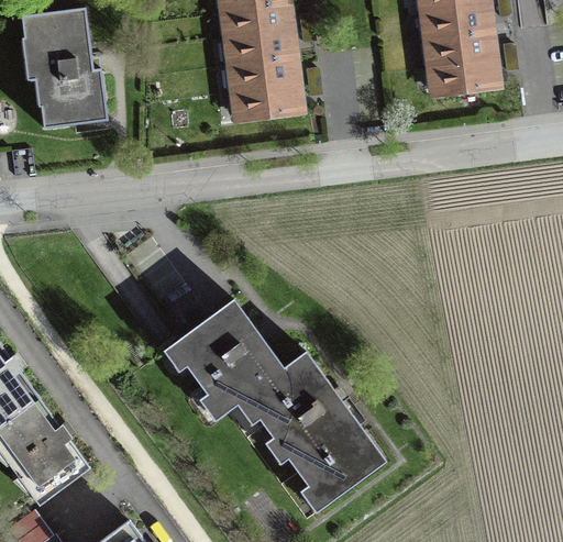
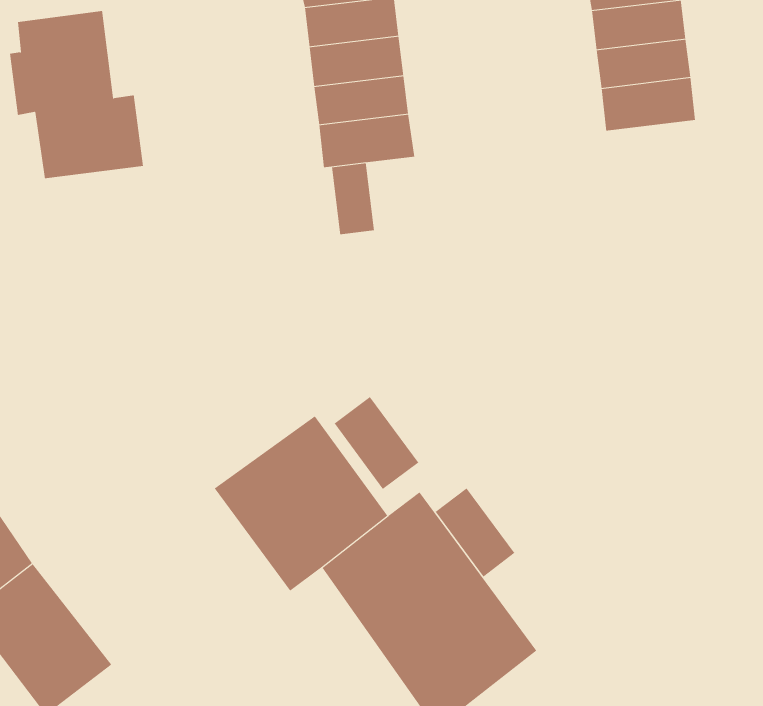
building: none -> [332,163,374,235]
building: none -> [334,396,419,490]
building: none -> [435,487,515,577]

